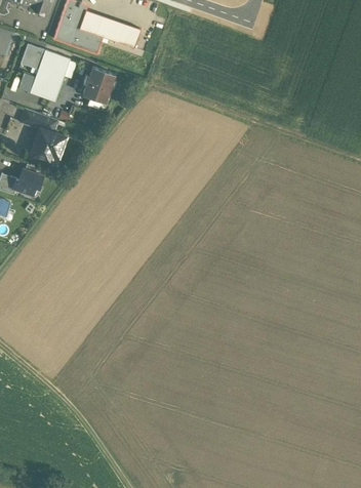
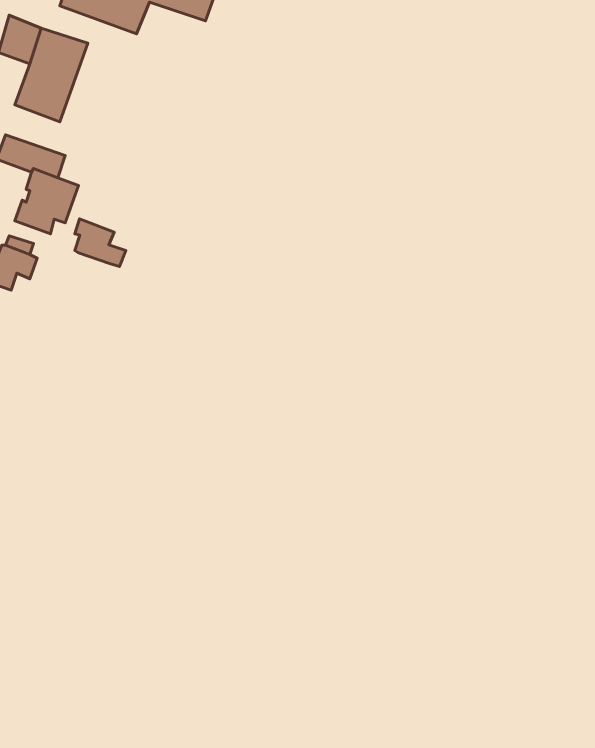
building: [82,67,114,103] -> none
building: none -> [75,219,126,267]

